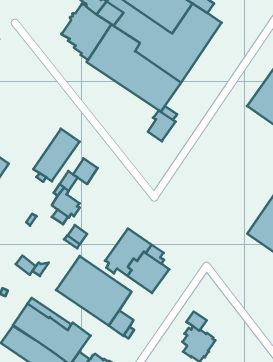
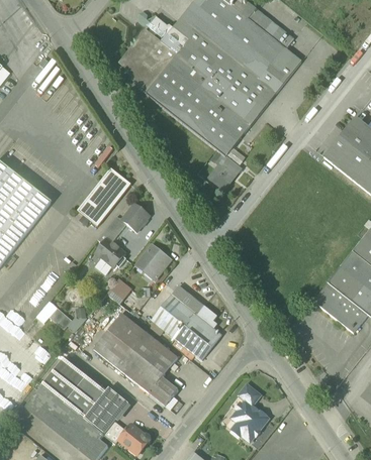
building: none -> [136,244,171,279]

